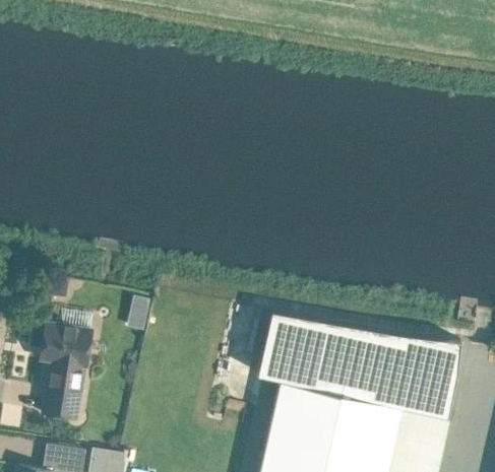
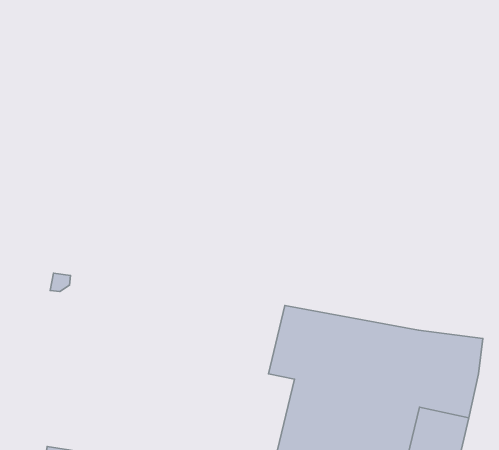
building: [126,298,149,334] -> none
building: [40,324,92,420] -> none

